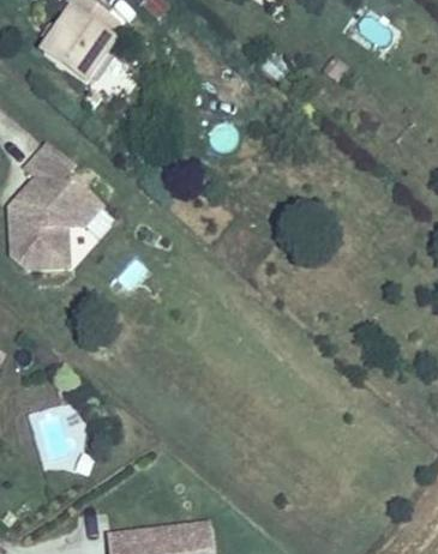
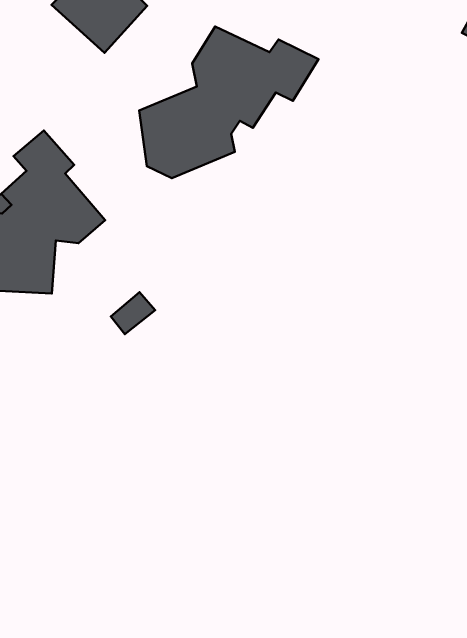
building: none -> [139,26,318,178]

